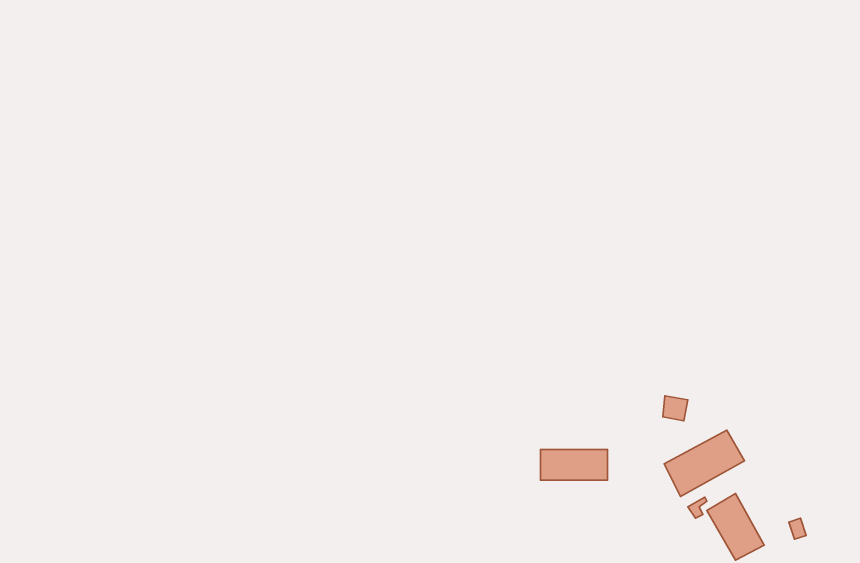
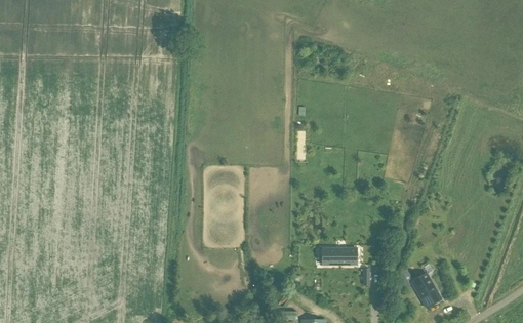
building: [664,430,745,497] -> none

